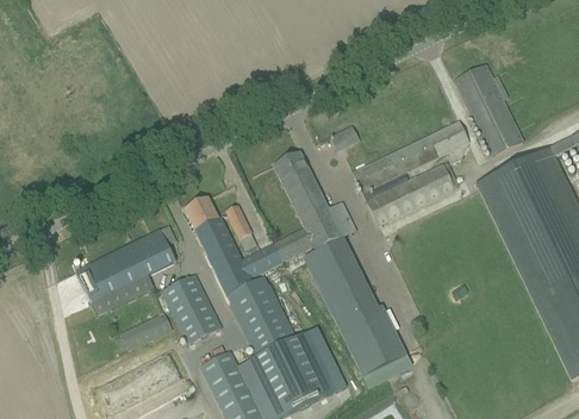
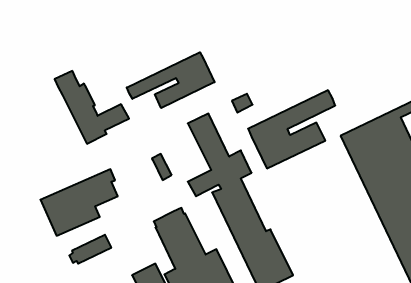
building: [455,64,523,156] -> none
building: none -> [127,52,215,108]
building: [185,198,284,294] -> [55,71,129,144]
building: [161,273,223,343] -> none

